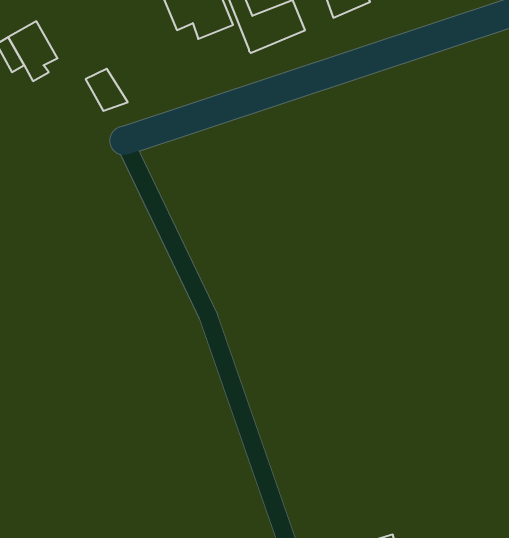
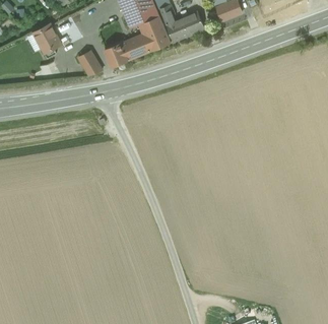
building: none -> [105,25,171,67]

